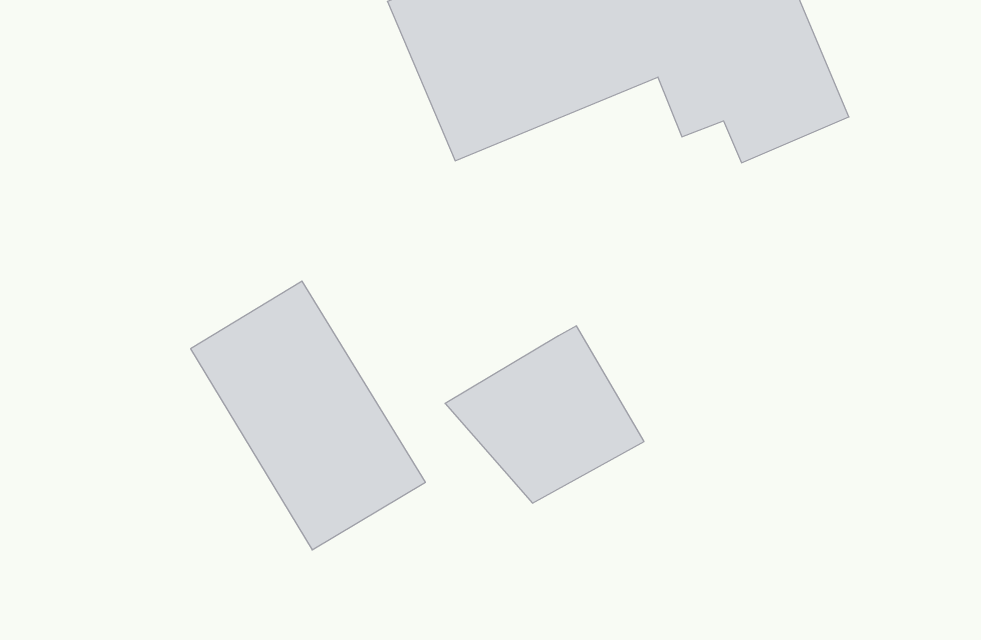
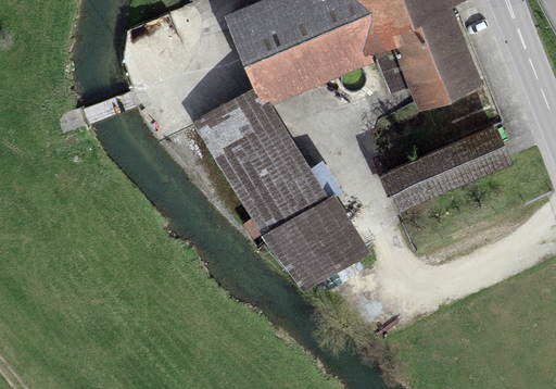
building: none -> [381,127,511,209]
building: [191,281,425,550] -> [193,86,321,233]

